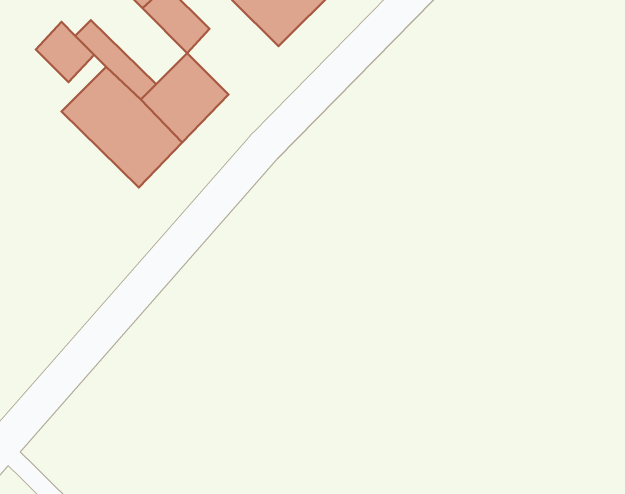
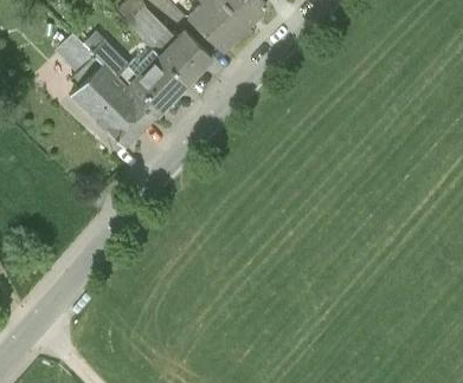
building: none -> [160,31,213,84]

